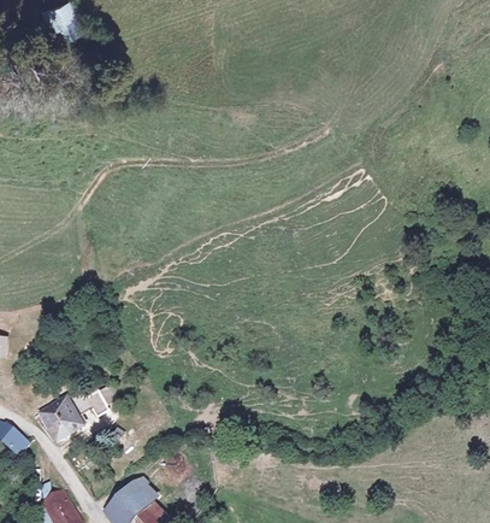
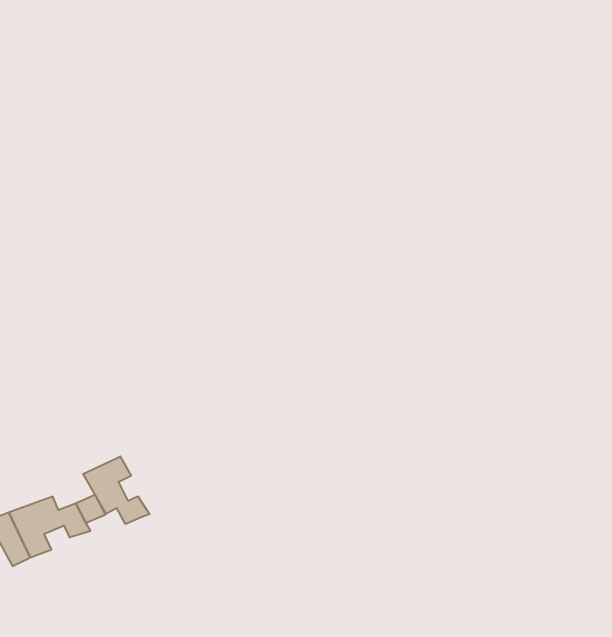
building: none -> [83,456,149,524]

